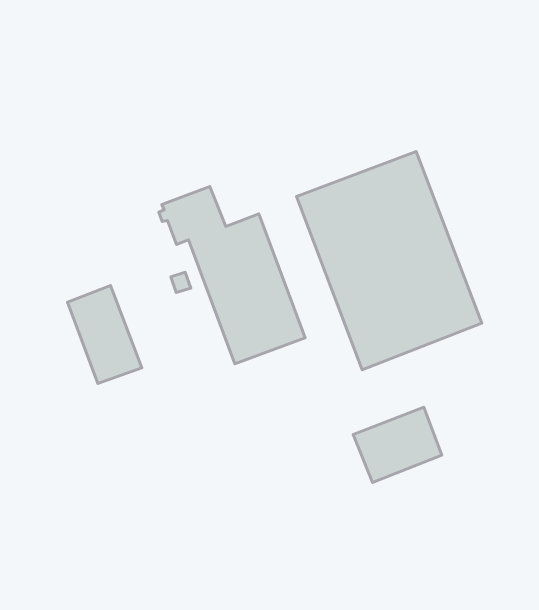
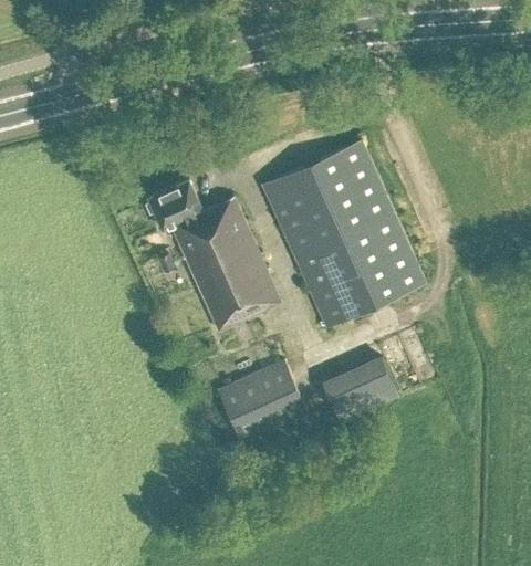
building: [67,285,142,384] -> none
building: none -> [218,361,308,443]

